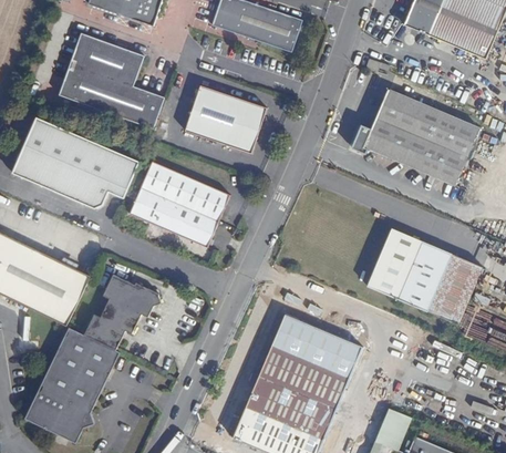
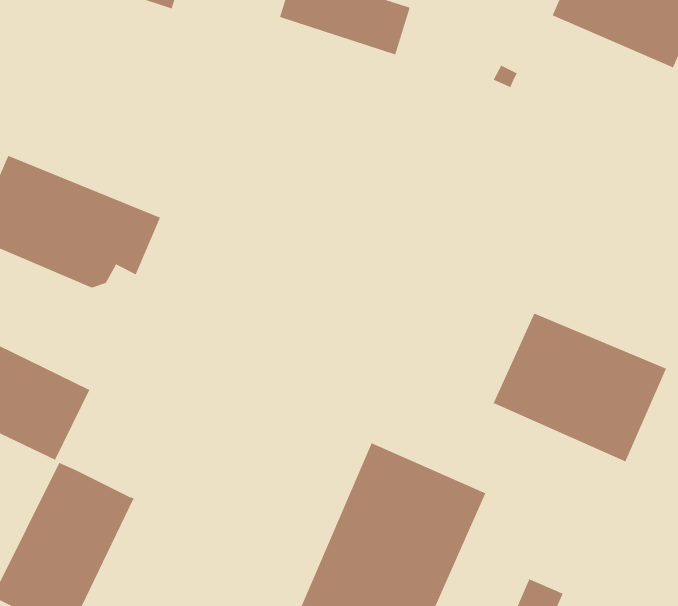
building: [55,34,161,126] -> none
building: [184,81,265,150] -> none
building: [349,91,475,186] -> none
building: [133,162,229,245] -> none
building: [84,274,163,349] -> none

